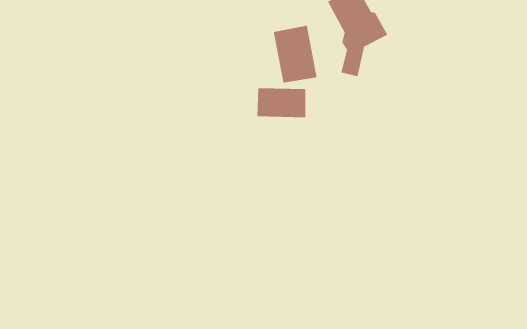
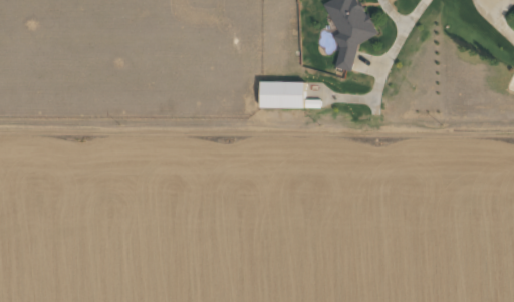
building: [273,25,317,84] -> none

